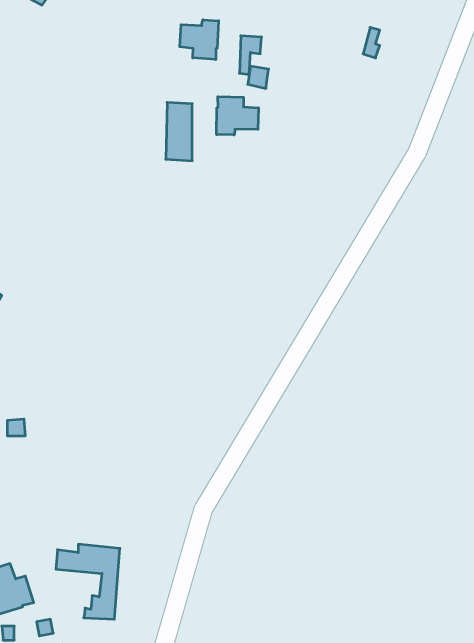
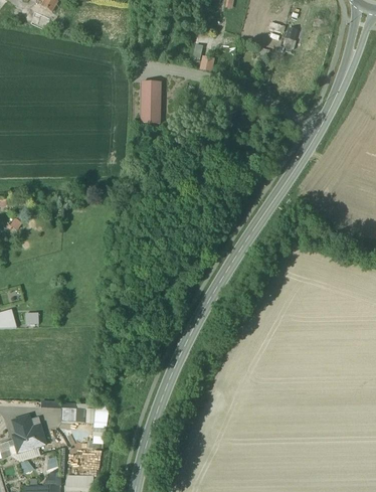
building: [180,20,219,60] -> none
building: [217,97,258,135] -> none

